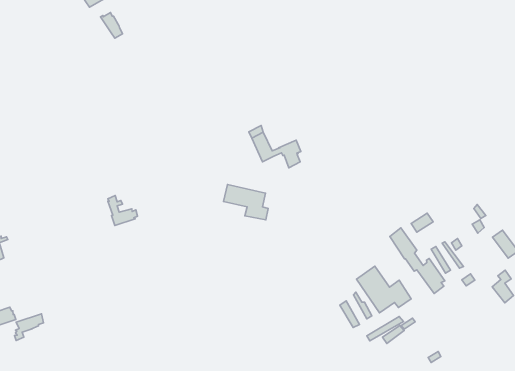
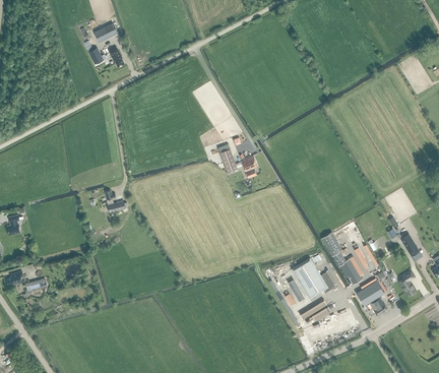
building: [223,185,268,220] -> none
building: none -> [356,279,388,316]

